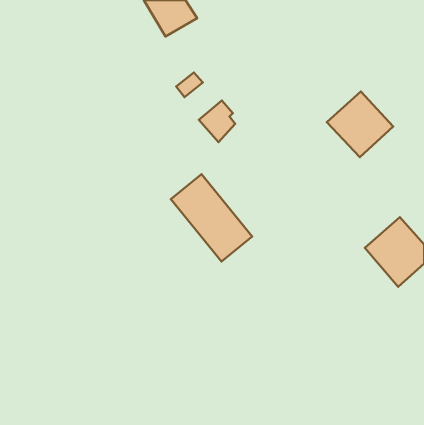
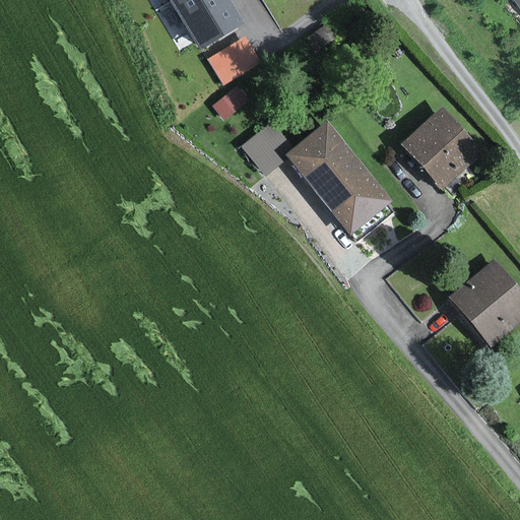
building: none -> [204,31,258,80]
building: [171,174,252,262] -> [289,124,389,231]

